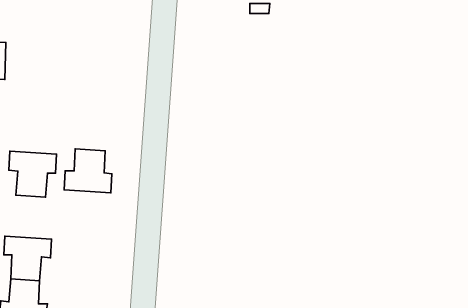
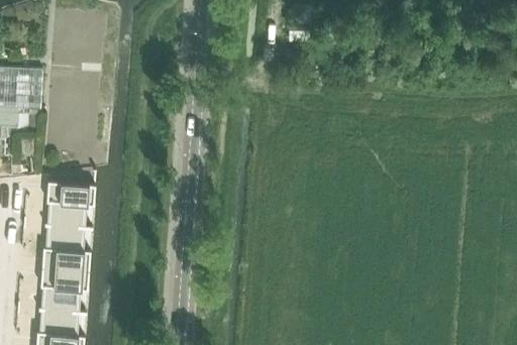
building: [64,149,112,193] -> [40,223,89,267]

